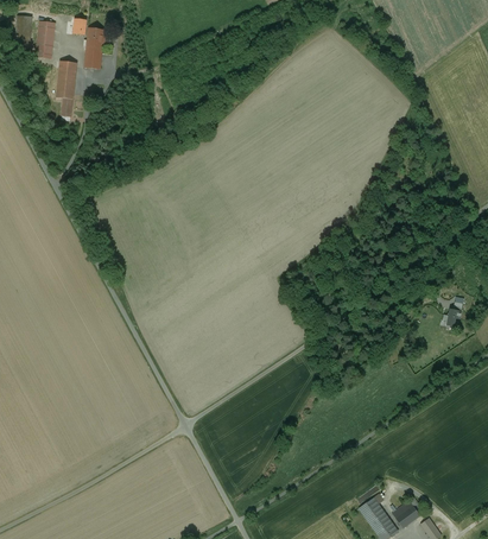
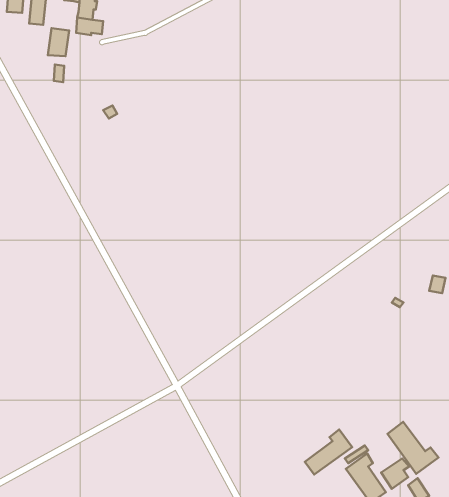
building: none -> [387,422,439,474]
building: none -> [305,429,352,474]

